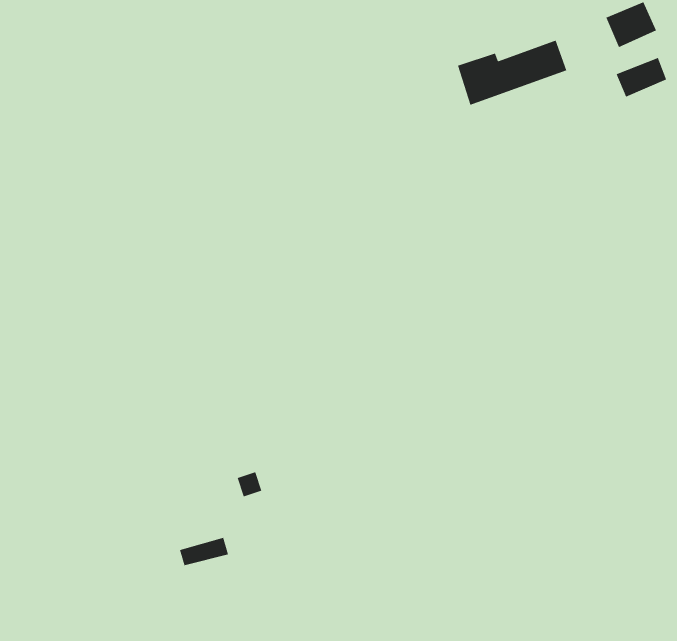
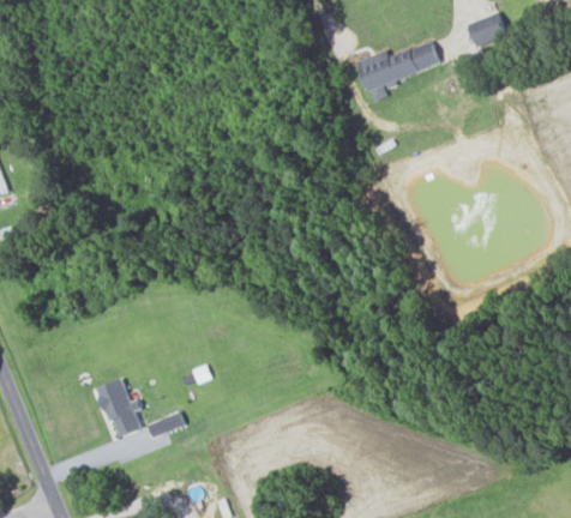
building: [616,57,667,97] -> none
building: none -> [98,380,140,438]

